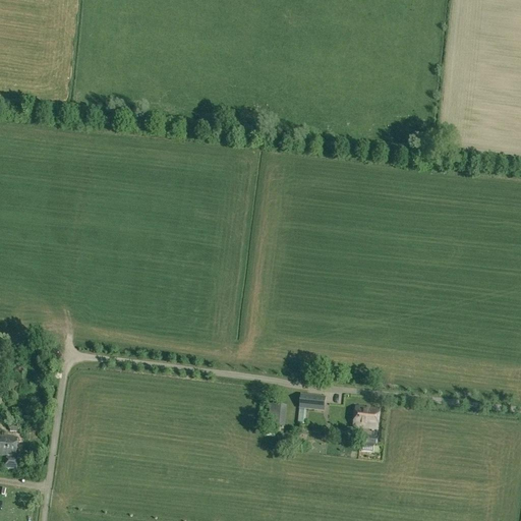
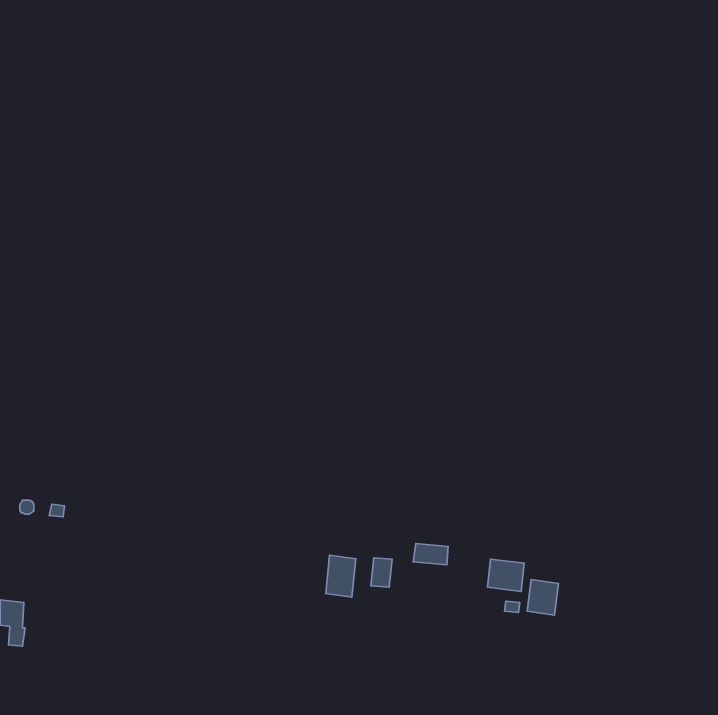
building: none -> [326,555,356,597]
building: none -> [527,579,558,615]

